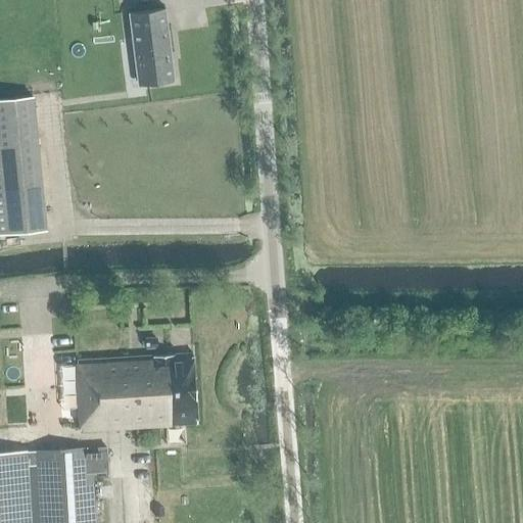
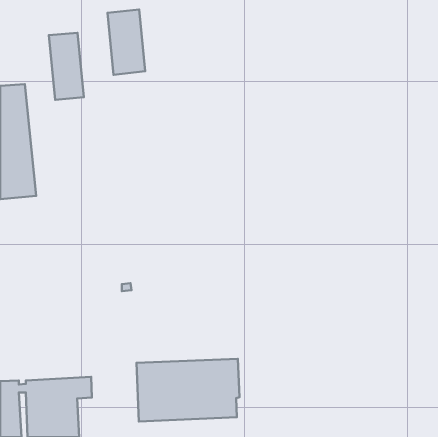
building: none -> [49,33,84,100]
building: [72,352,194,427] -> [136,359,239,421]

